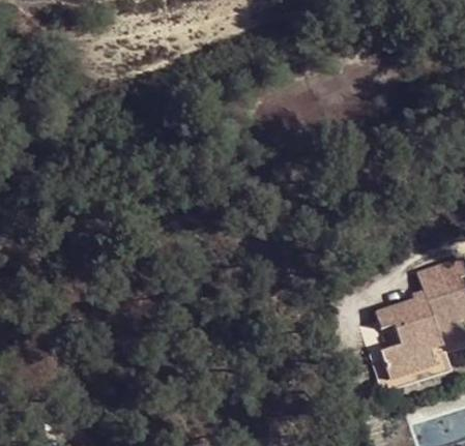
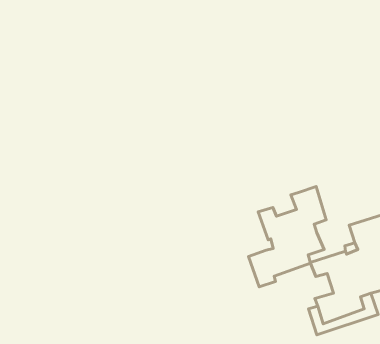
building: none -> [249,186,326,287]

